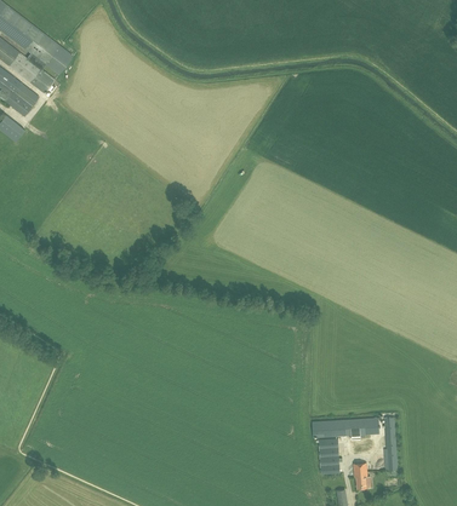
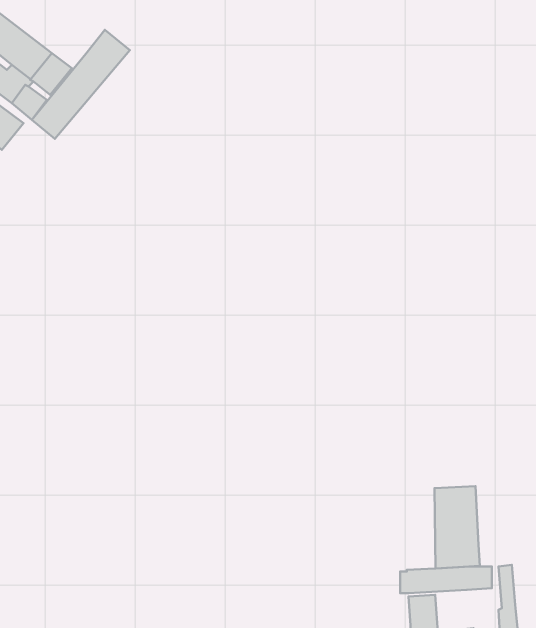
building: none -> [32,30,130,139]
building: none -> [434,486,480,568]

